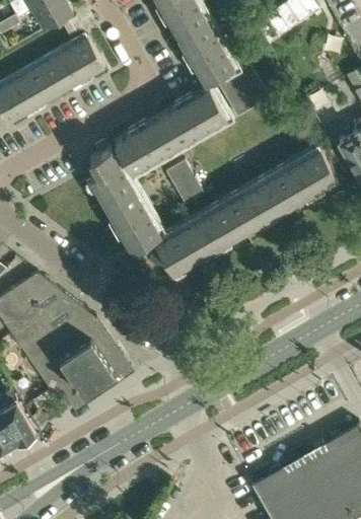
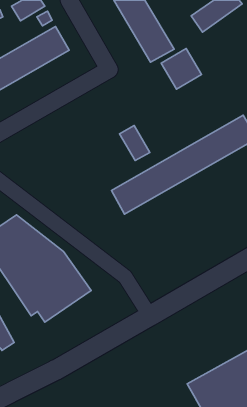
building: [115,88,226,171] -> none
building: [89,147,160,251] -> none

